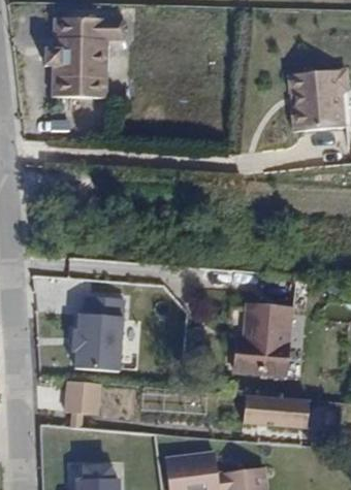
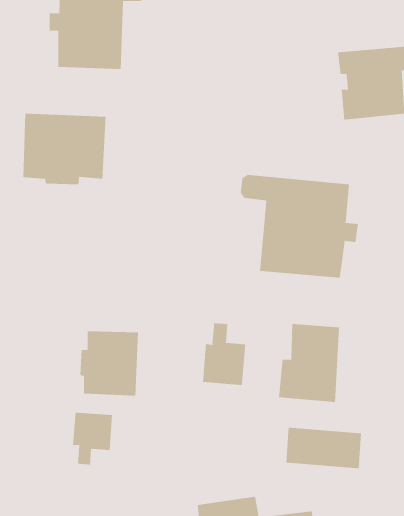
building: none -> [23,113,106,185]
building: none -> [240,174,358,279]
building: none -> [202,323,246,386]

